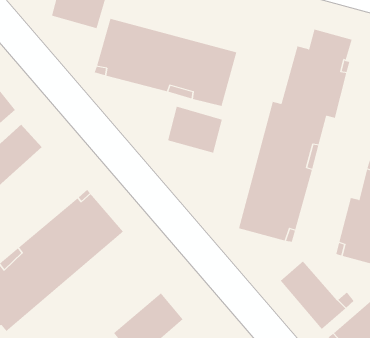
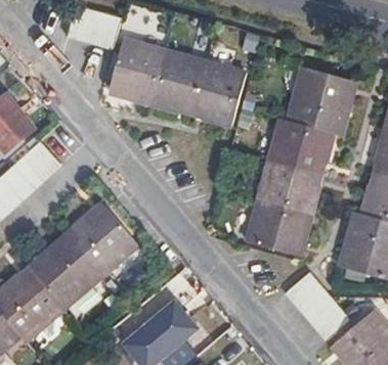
building: [167,106,223,153] -> none

